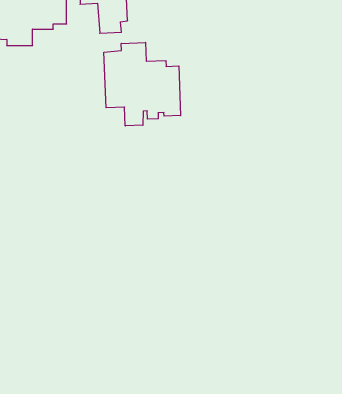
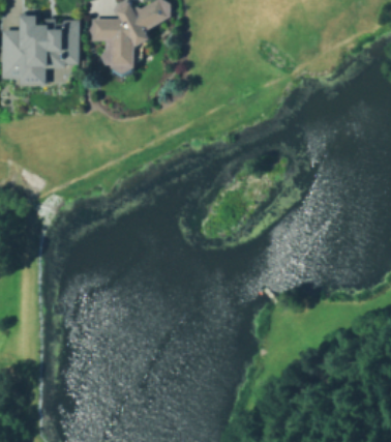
building: [104,42,181,126] -> none

